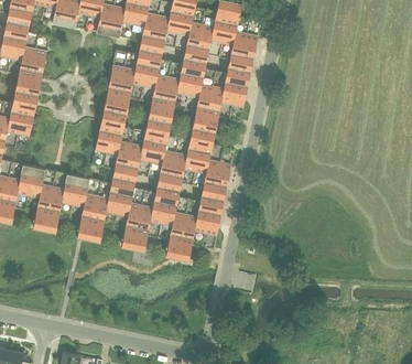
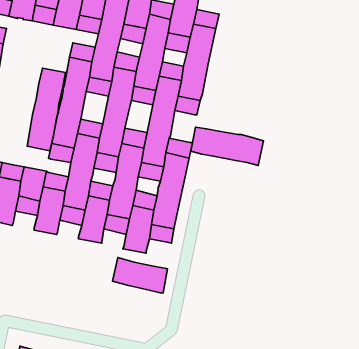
building: none -> [27,68,65,151]
building: none -> [191,127,263,166]
building: none -> [112,258,167,293]

